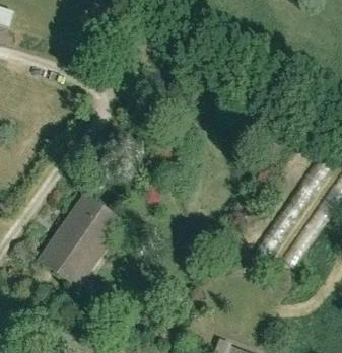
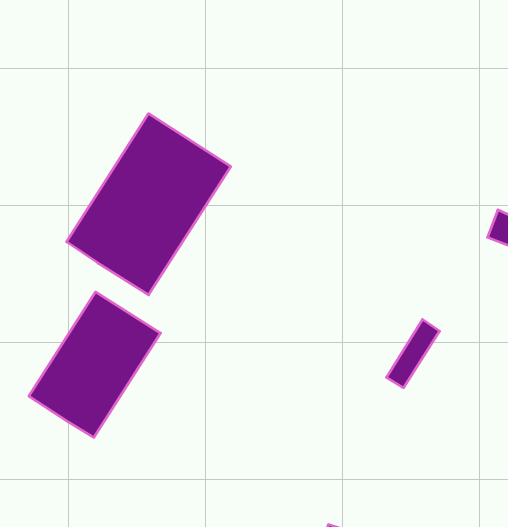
building: none -> [67,114,231,295]

